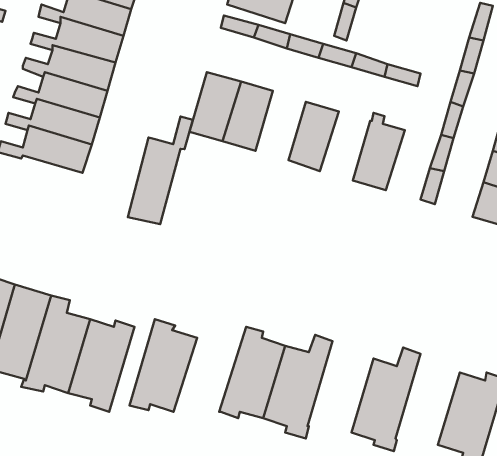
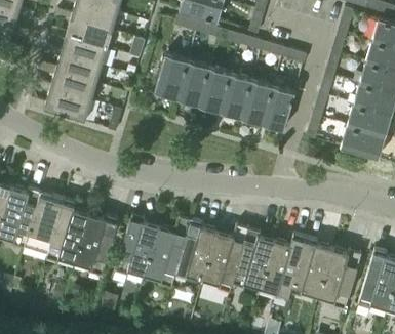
building: none -> [198,67,231,112]
building: none -> [240,80,273,125]
building: [128,116,193,224] -> none
building: none -> [145,216,192,288]
building: none -> [232,229,275,289]
building: none -> [289,238,331,297]

